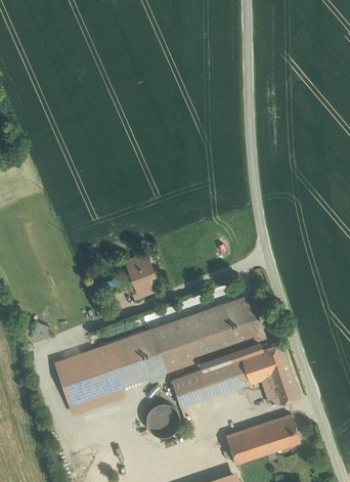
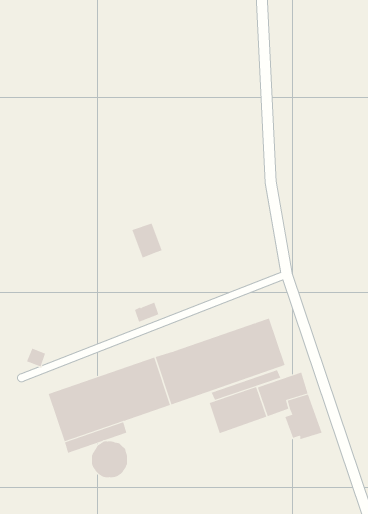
building: [127,255,155,287] -> [132,223,163,259]
building: [171,371,206,408] -> none
building: [145,404,178,437] -> [91,441,128,478]
building: [224,415,299,465] -> none

